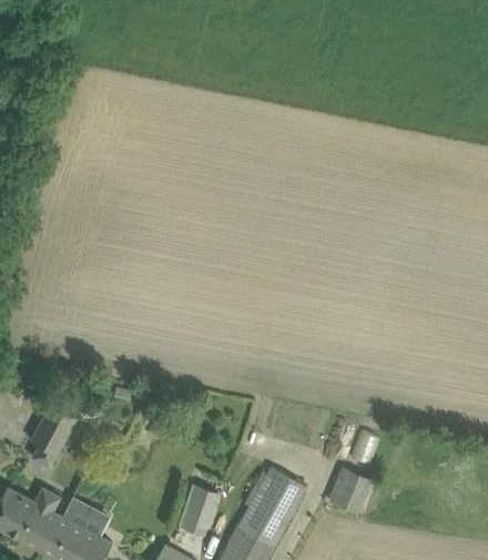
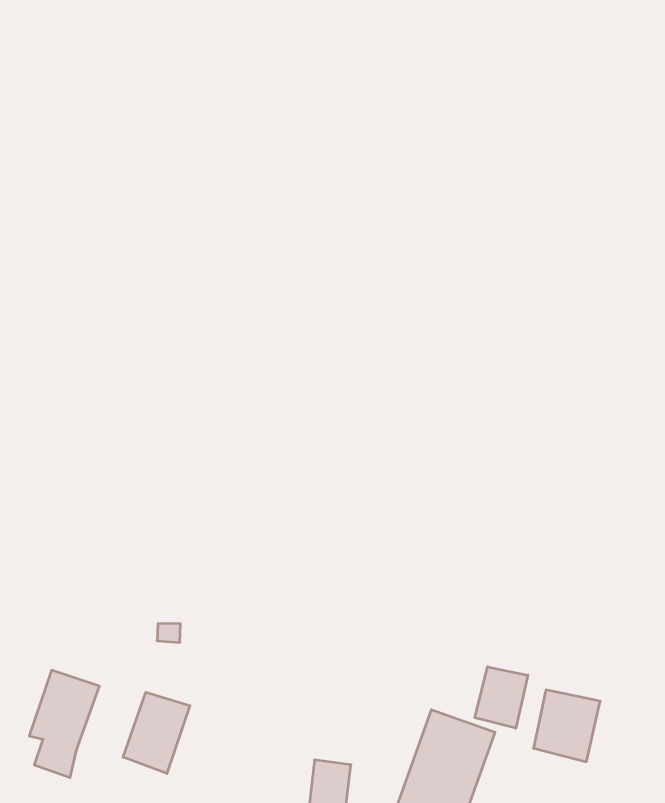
building: none -> [123,692,190,774]
building: none -> [475,667,528,728]

